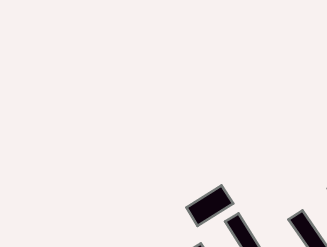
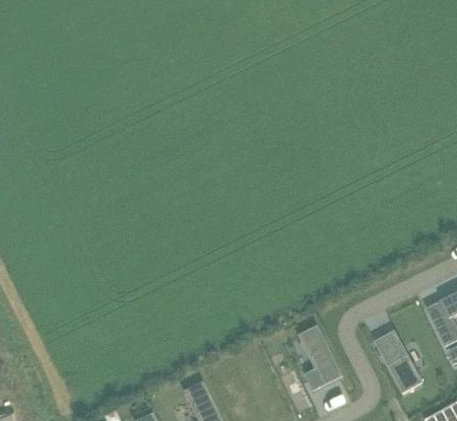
building: [187,185,233,226] -> none

